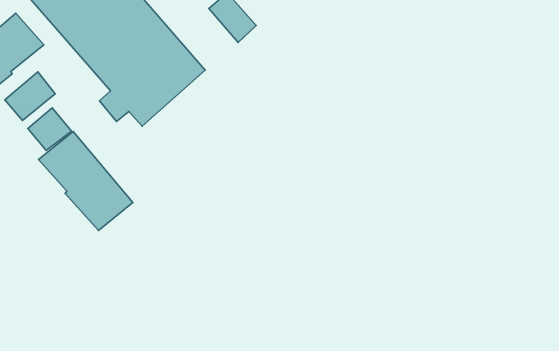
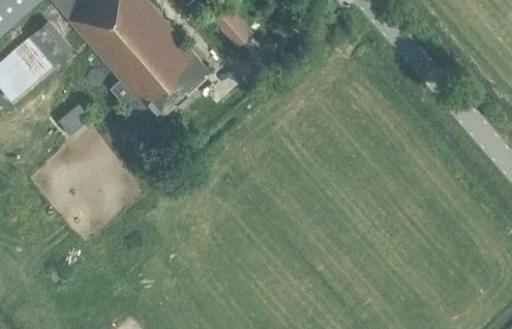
building: [5,72,55,121] -> none
building: [39,131,133,231] -> none

